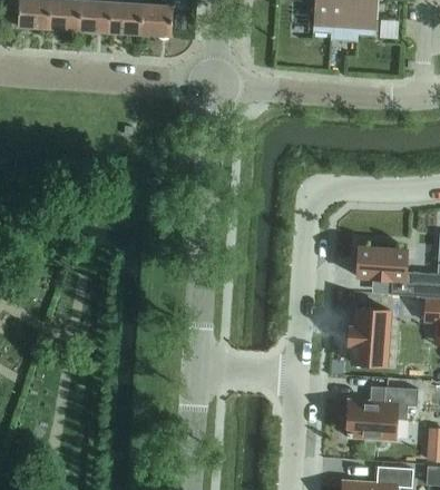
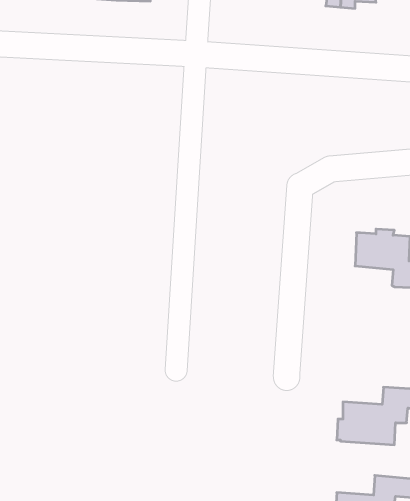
building: [346,306,389,363] -> none

